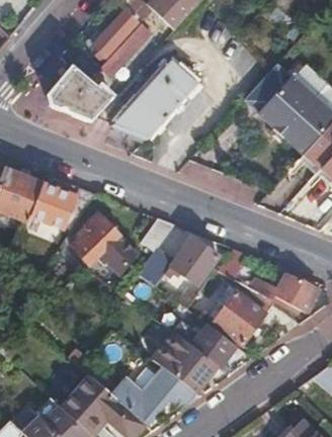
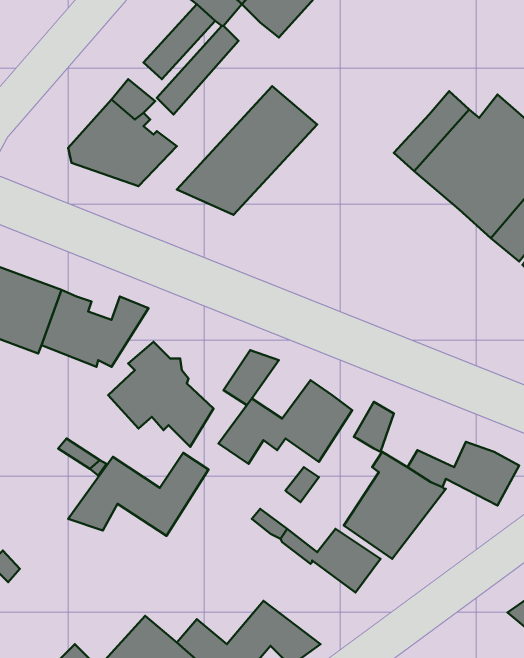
building: none -> [68,453,209,536]
building: [156,335,220,397] -> none

